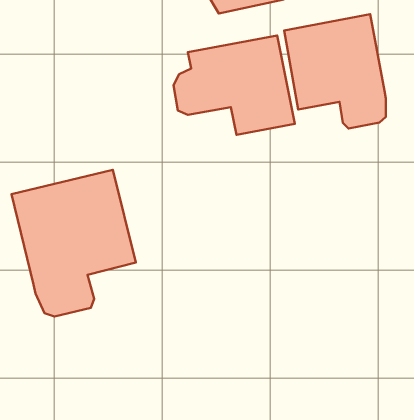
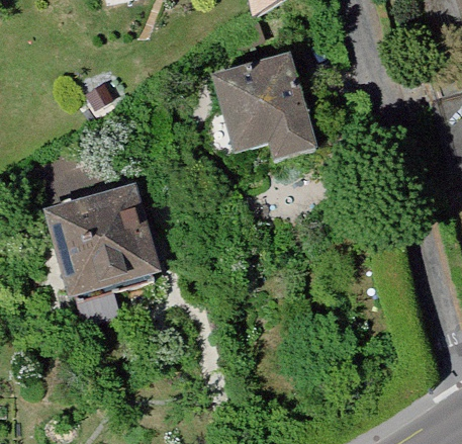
building: [284,14,386,128] -> none

